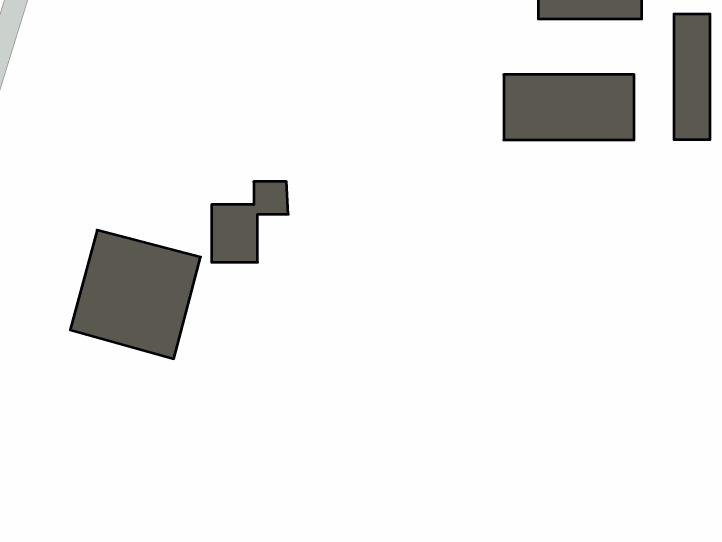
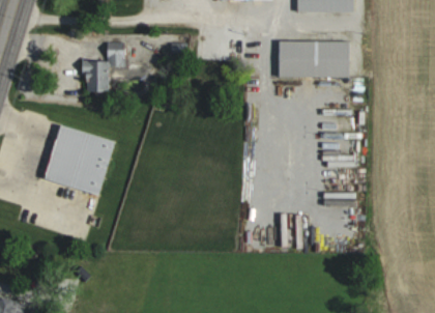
building: [674,14,710,140] -> none
building: [212,182,288,262] -> [84,50,125,93]

